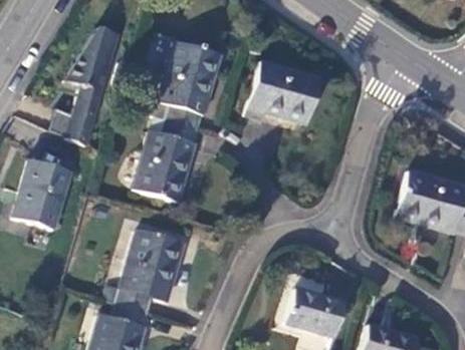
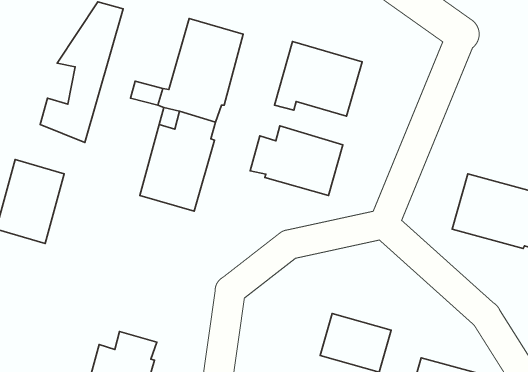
building: none -> [250,126,343,196]
building: [115,229,182,311] -> none

